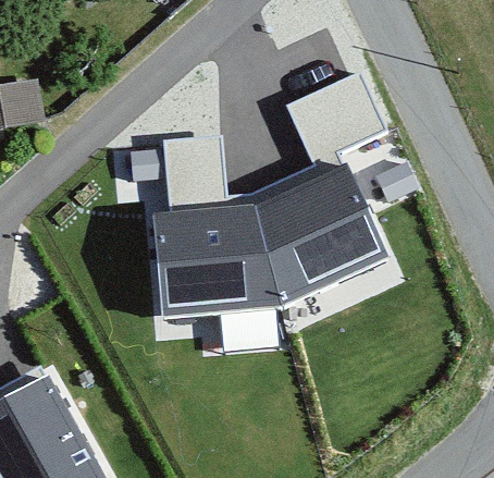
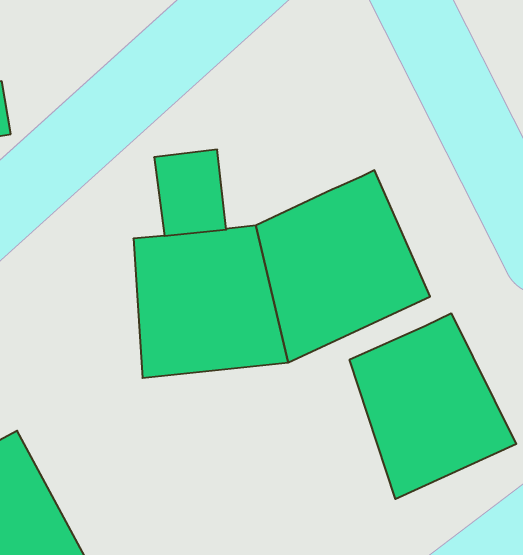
building: [283,70,385,169] -> none
building: none -> [350,313,516,499]

